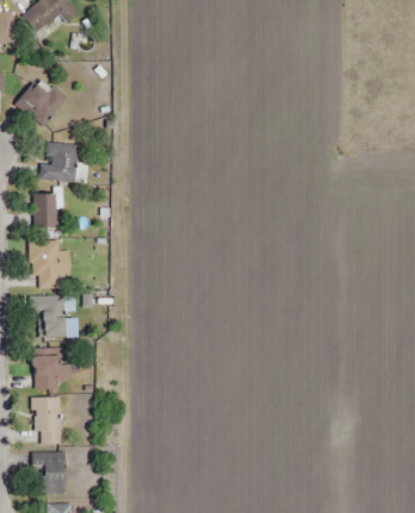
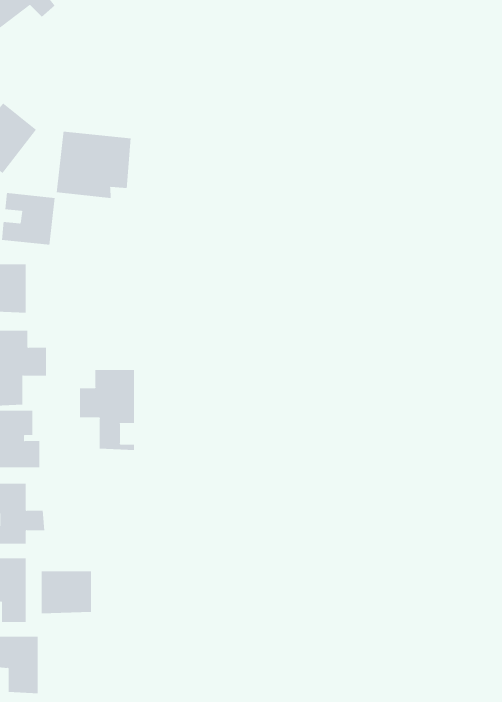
building: none -> [56,131,131,199]
building: none -> [79,369,135,451]
building: none -> [41,571,91,614]

